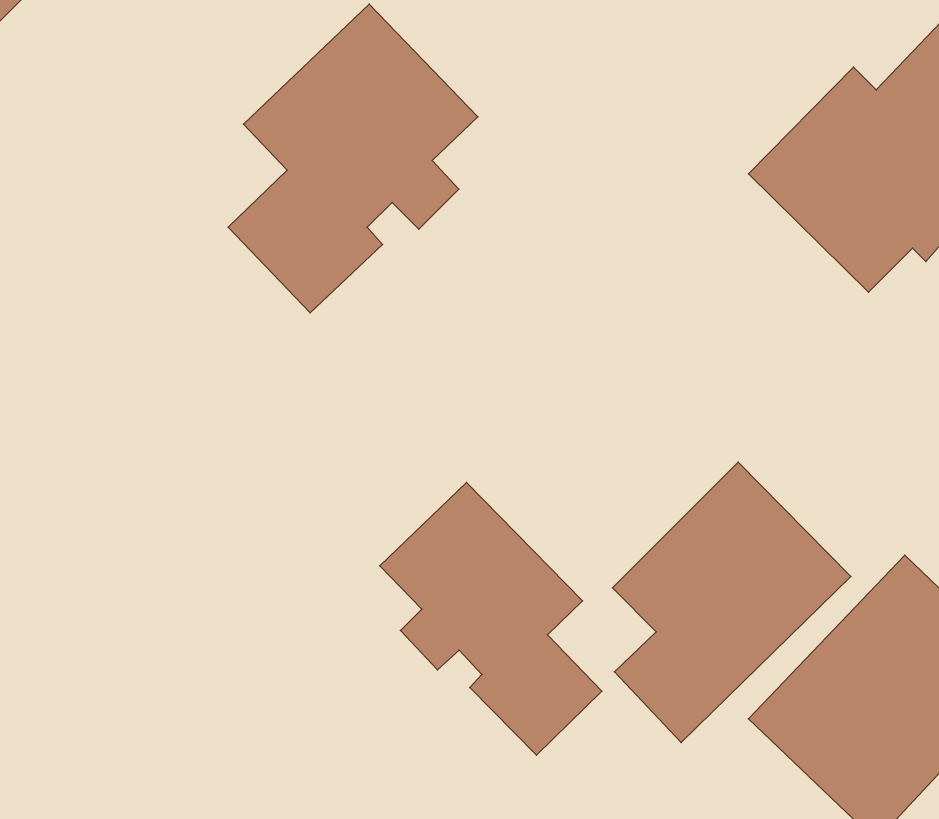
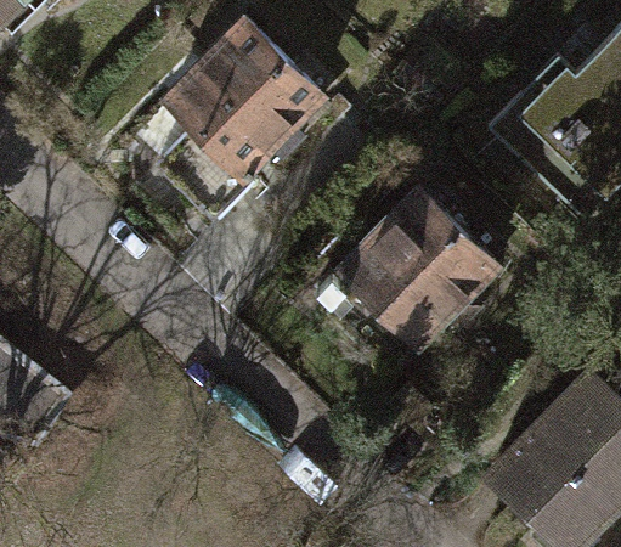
building: [612,462,851,742] -> [340,187,492,366]
building: [380,482,602,755] -> none

